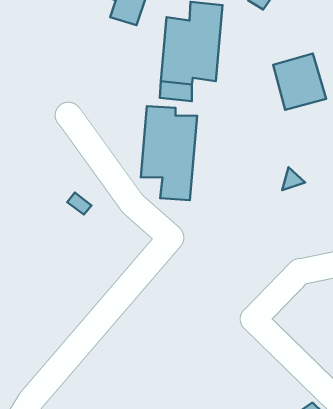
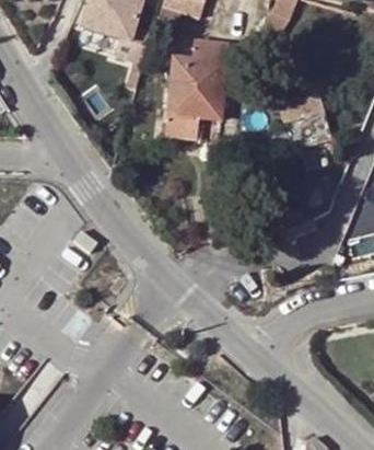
building: [141,106,197,200] -> none

